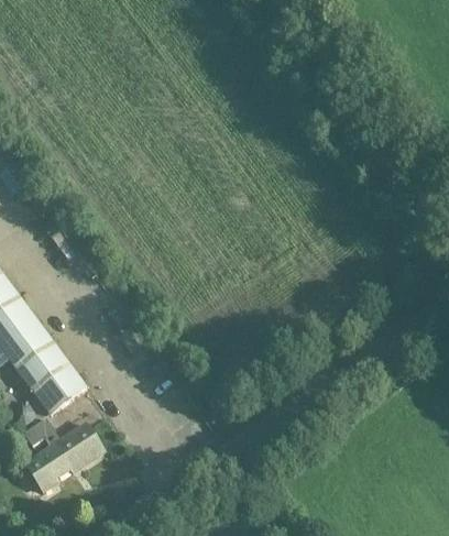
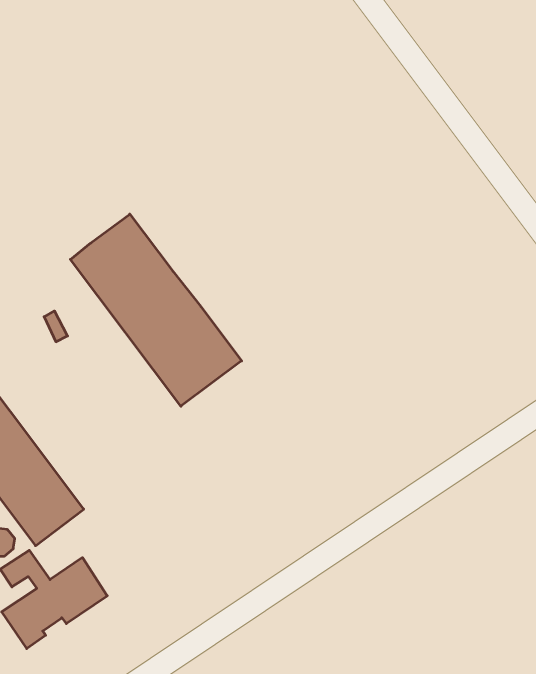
building: none -> [70,214,242,406]

